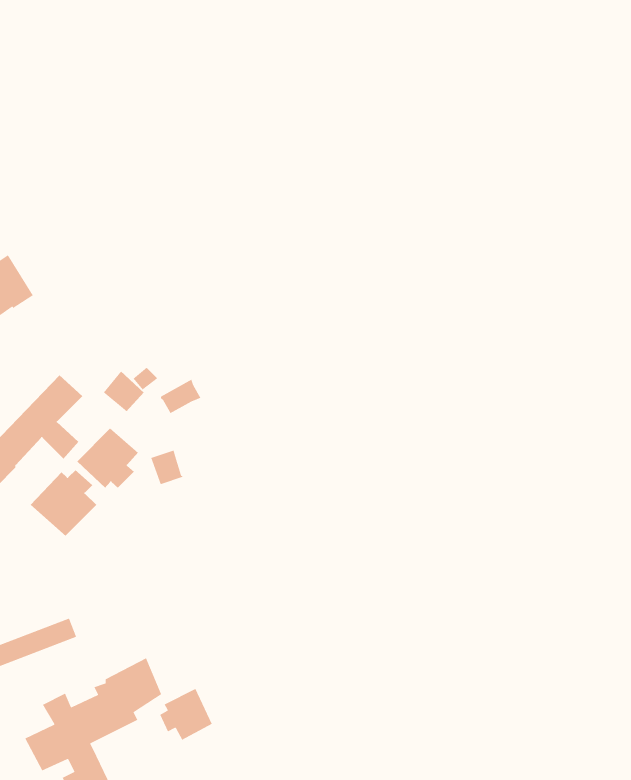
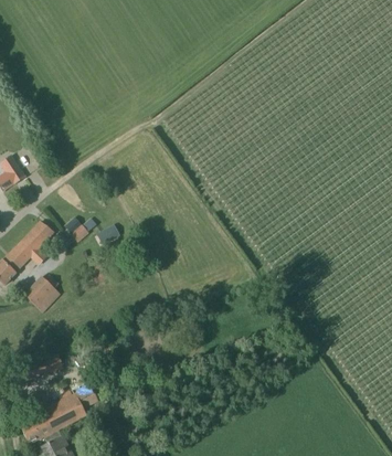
building: [76,427,139,489] -> none
building: [159,688,213,741] -> none

